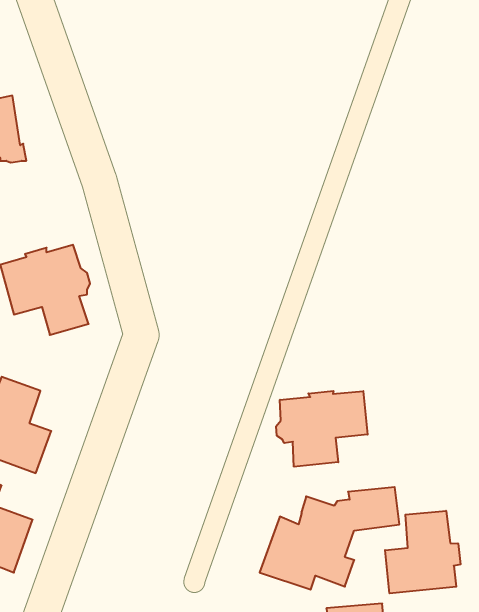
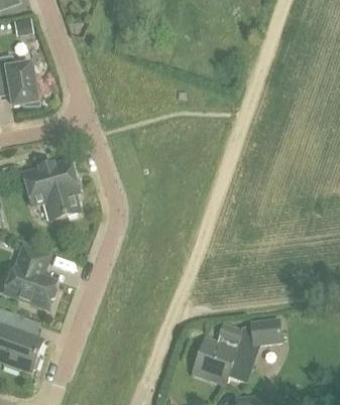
building: [276,391,368,467] -> none
building: [385,511,461,593] -> none

